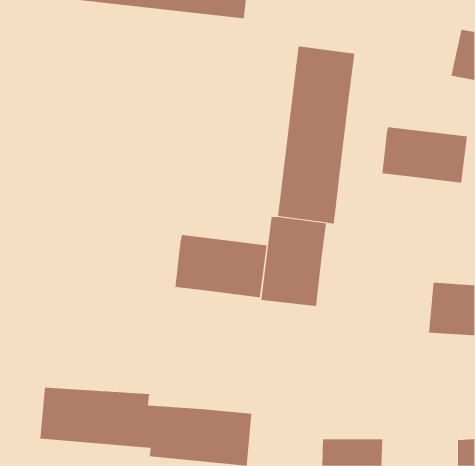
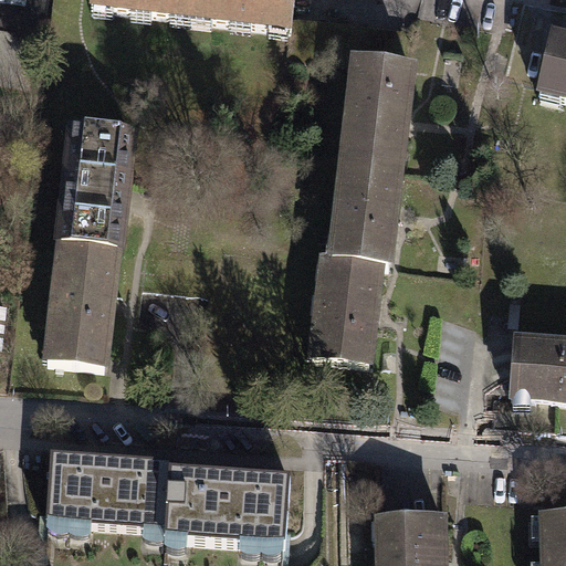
building: none -> [45,122,133,359]
building: [382,126,468,183] -> none
building: [175,234,267,298] -> none

